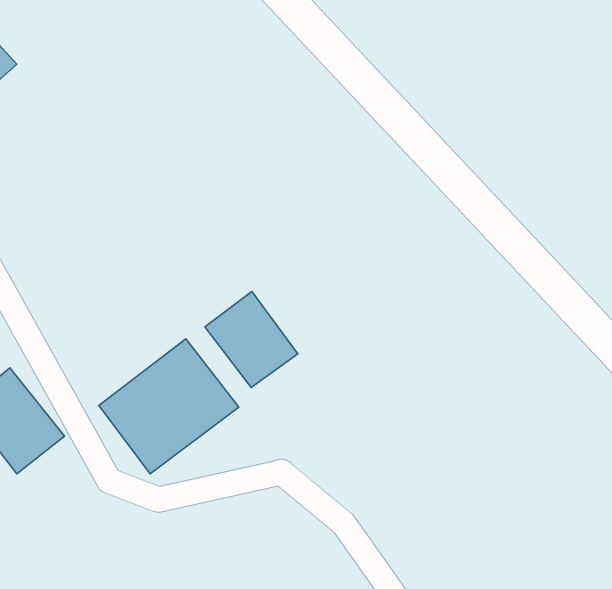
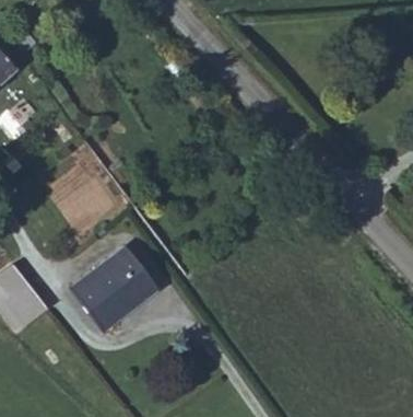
building: [205,292,298,388] -> none

